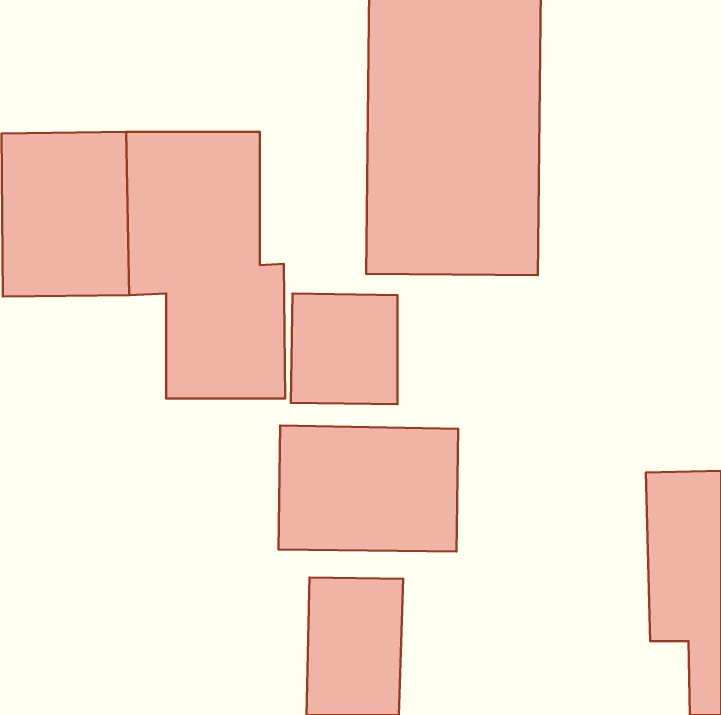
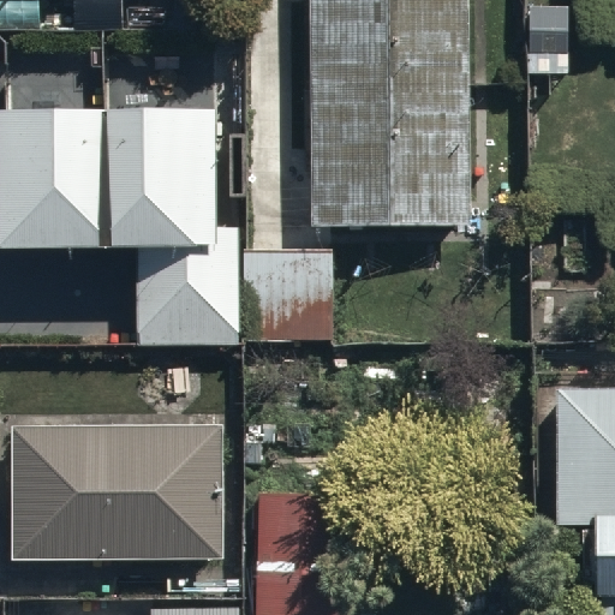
building: [279,426,458,552] -> none
building: none -> [14,419,220,554]

